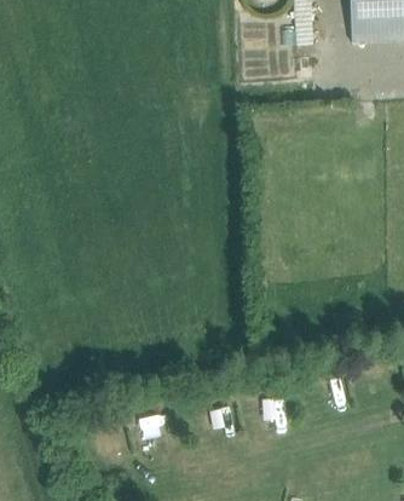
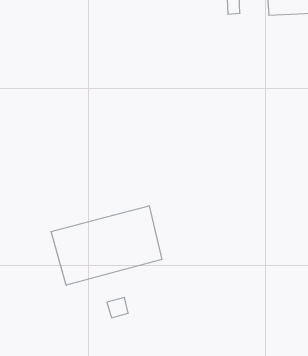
building: none -> [51,206,162,285]

